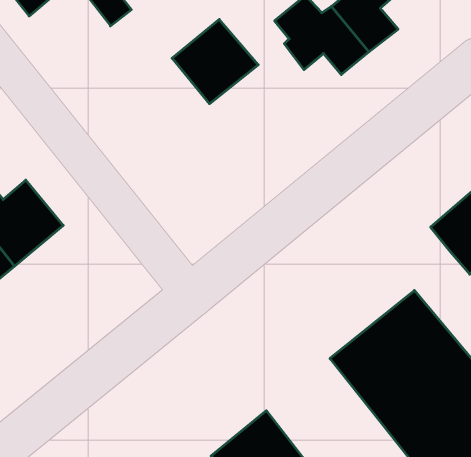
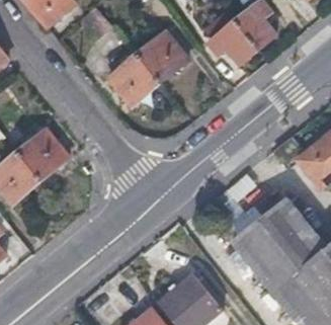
building: none -> [107,54,159,105]

